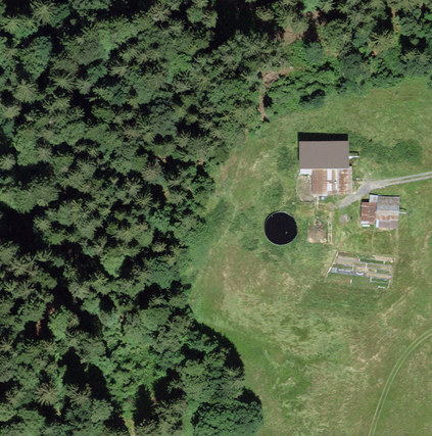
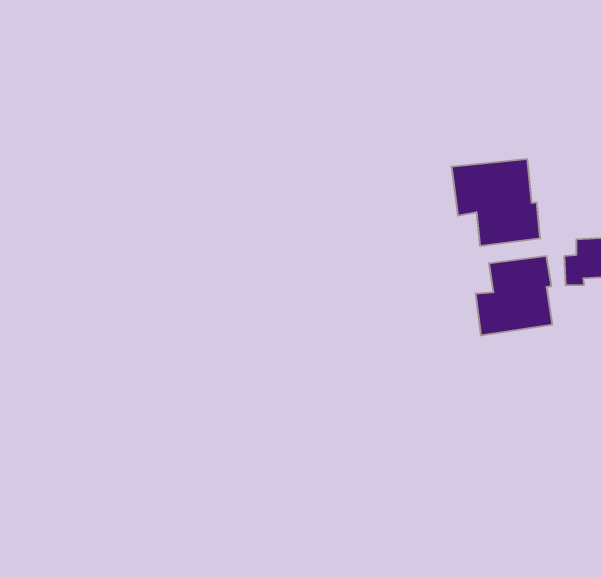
building: none -> [476,256,552,336]

